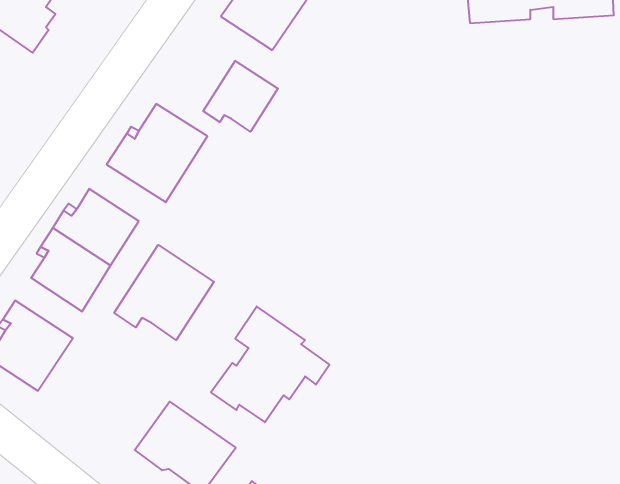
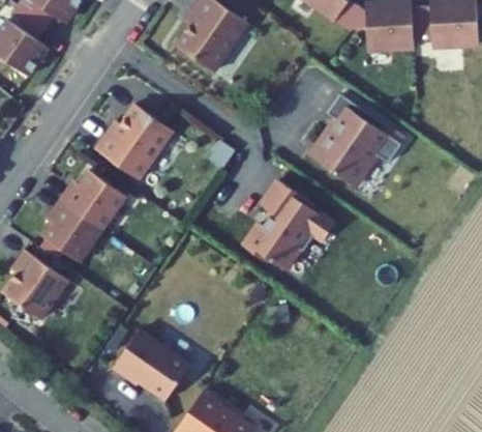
building: [203,61,278,132] -> none
building: none -> [314,94,405,185]
building: [114,245,214,340] -> none
building: [211,306,329,422] -> [246,181,337,270]

